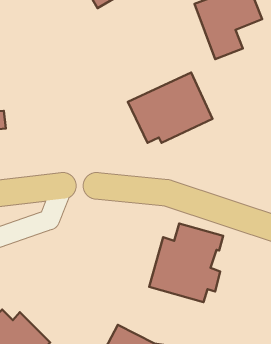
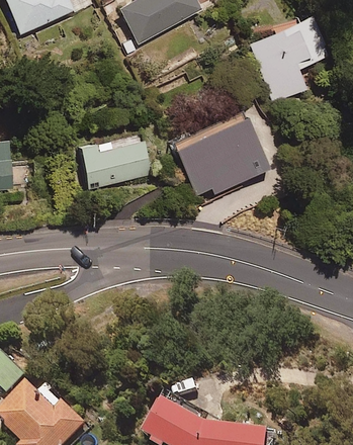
building: none -> [77,139,161,186]
building: [149,223,223,302] -> none

